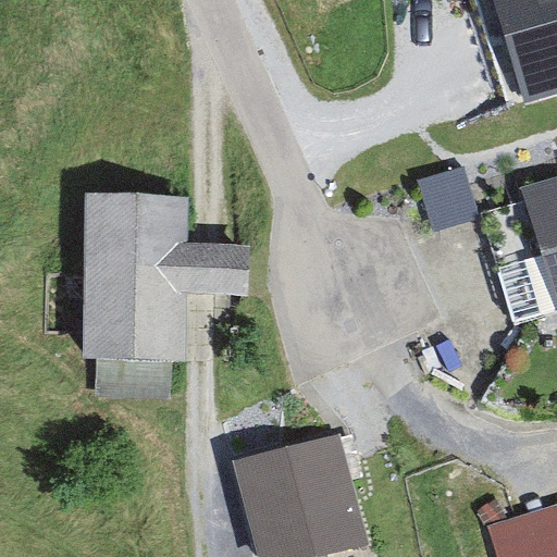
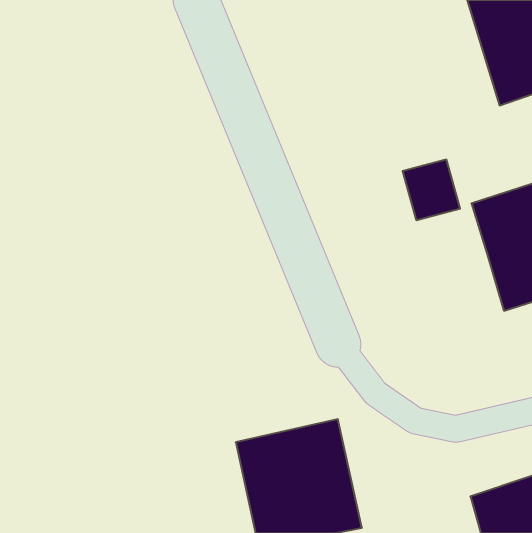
building: [81,202,238,361] -> none

